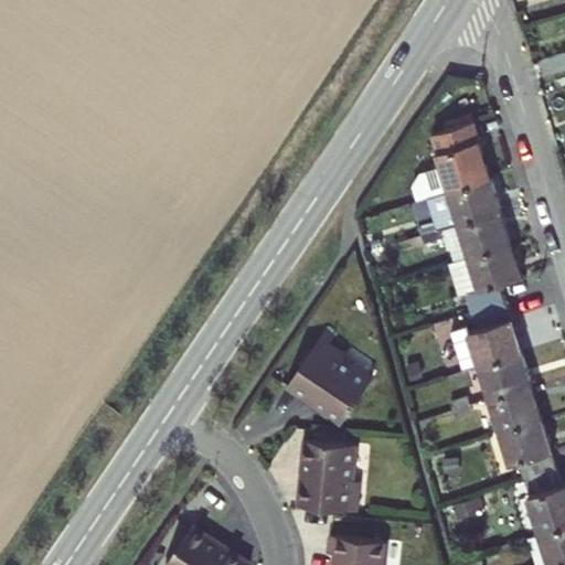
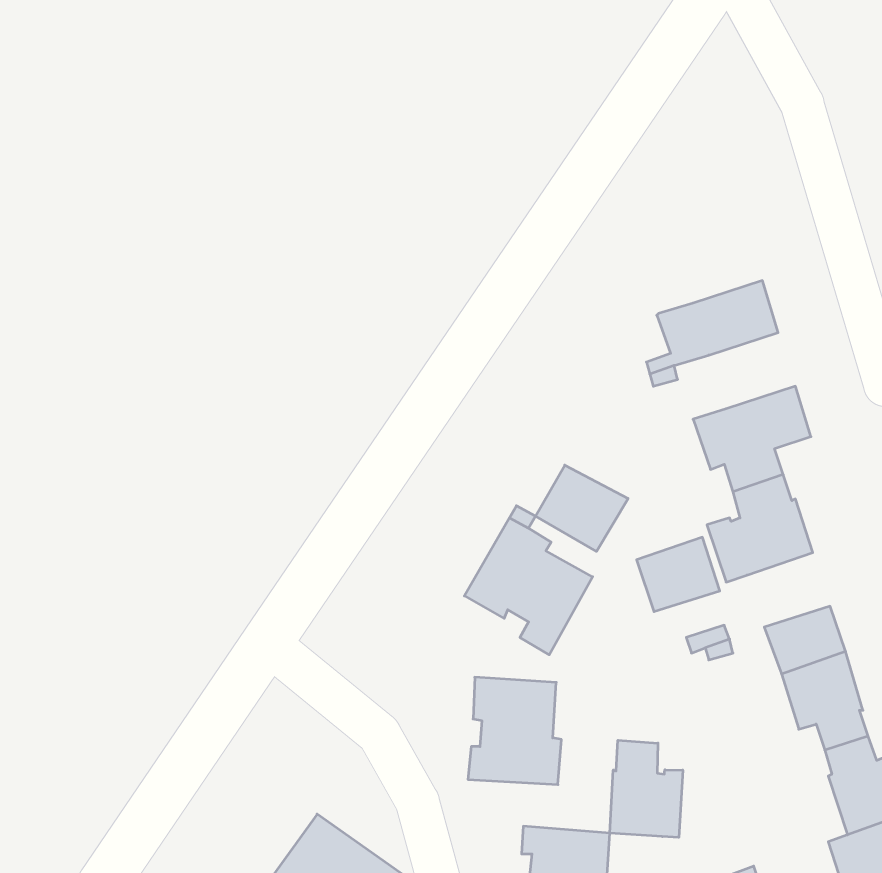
building: [403,127,488,213] -> none
building: [454,220,509,268] -> none
building: none -> [535,465,628,551]
building: [478,360,531,407] -> [637,537,720,612]
building: none -> [610,740,683,837]

